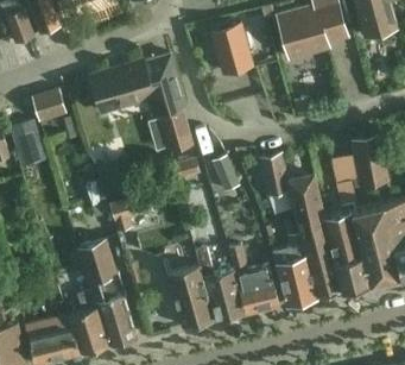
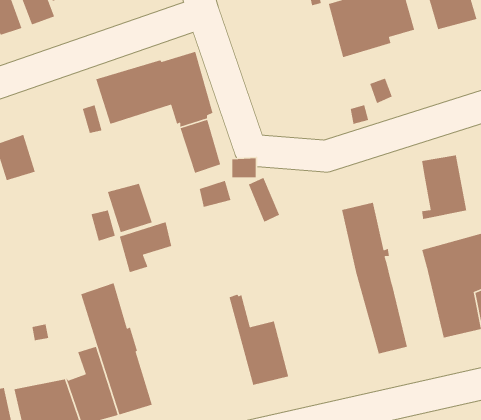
building: [210,24,252,75] -> none
building: [32,89,65,122] -> none
building: [260,155,289,196] -> none
building: [333,156,359,206] -> none
building: [323,213,369,291] -> none
building: [272,233,317,306] -> none
building: [229,245,279,315] -> none
building: [167,251,216,328] -> none

